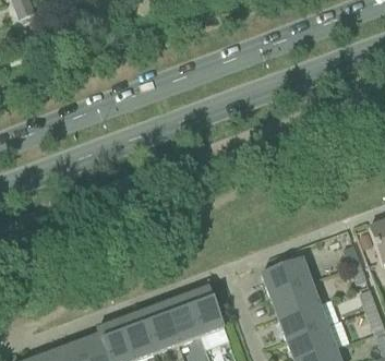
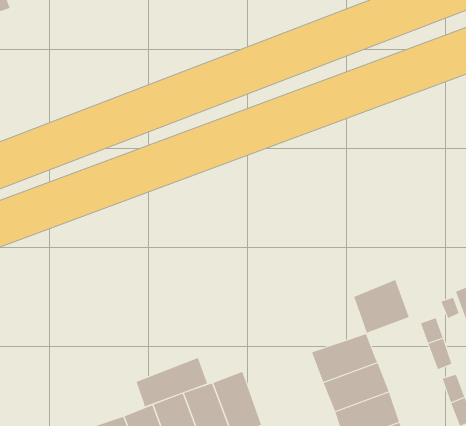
building: none -> [354,279,409,333]
building: none -> [136,357,208,407]

